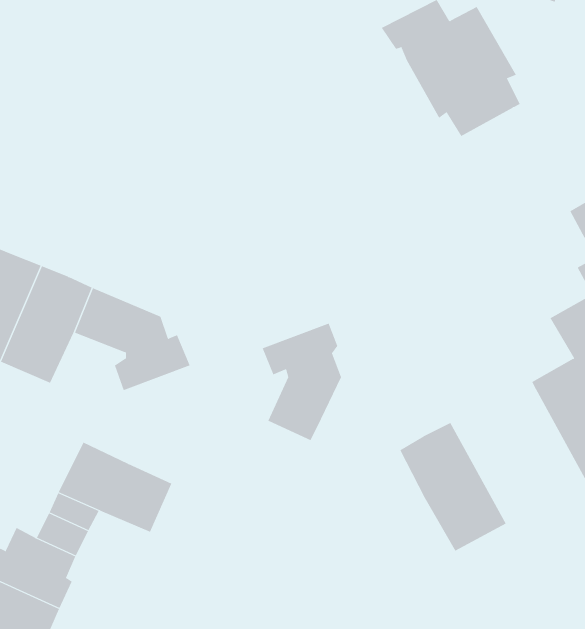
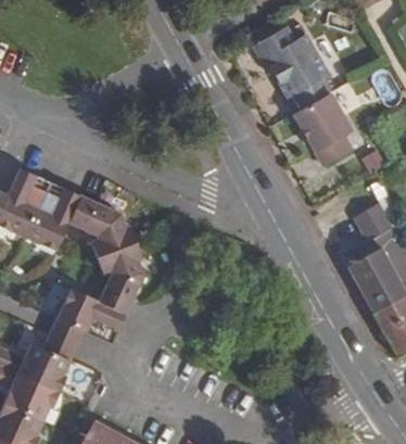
building: none -> [293,89,351,162]
building: [262,323,342,441] -> [97,243,144,314]
building: [399,422,506,552] -> none

